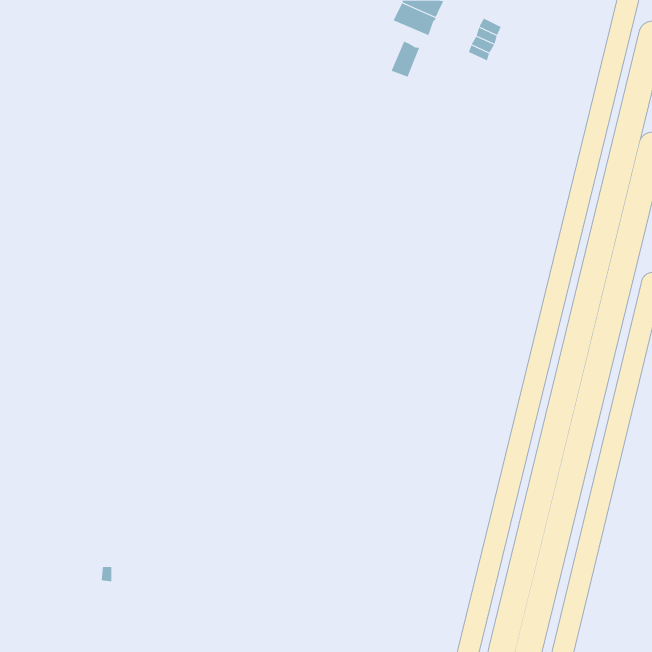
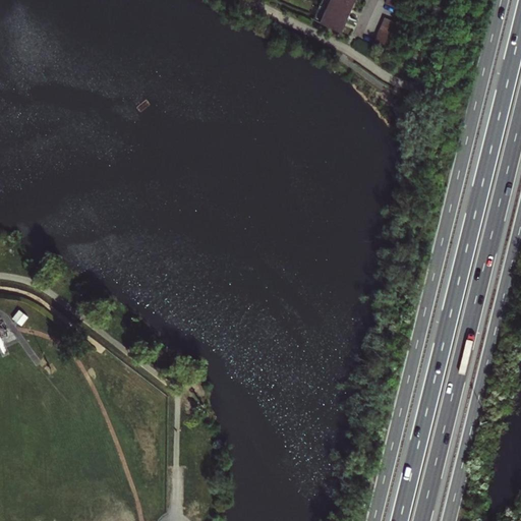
building: [391,41,420,77] -> none

